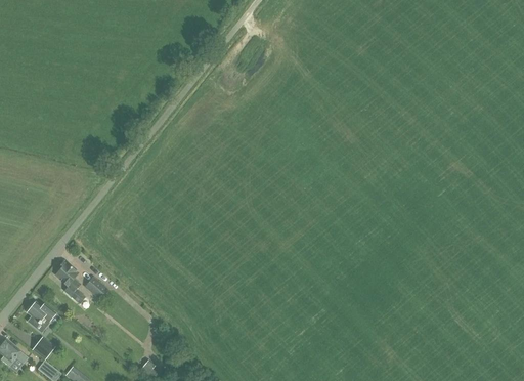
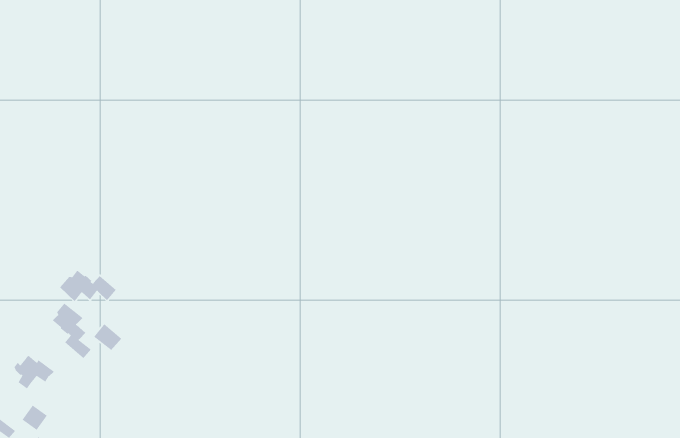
building: none -> [59,269,117,302]

